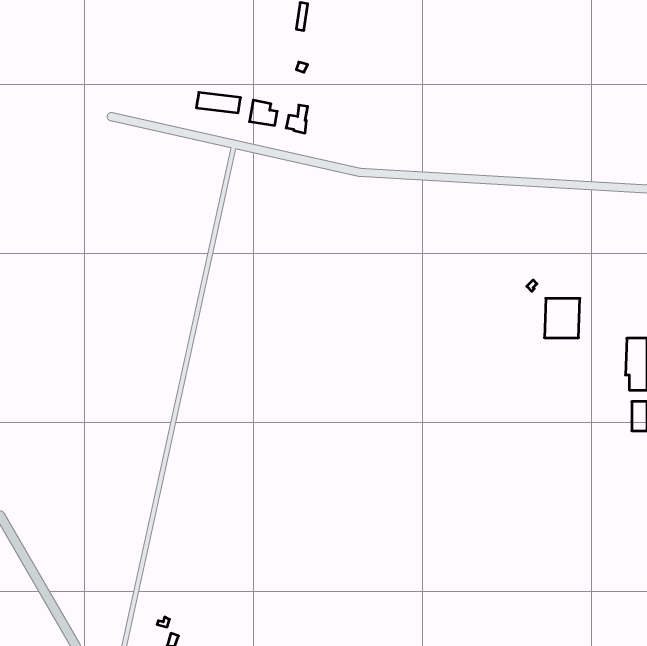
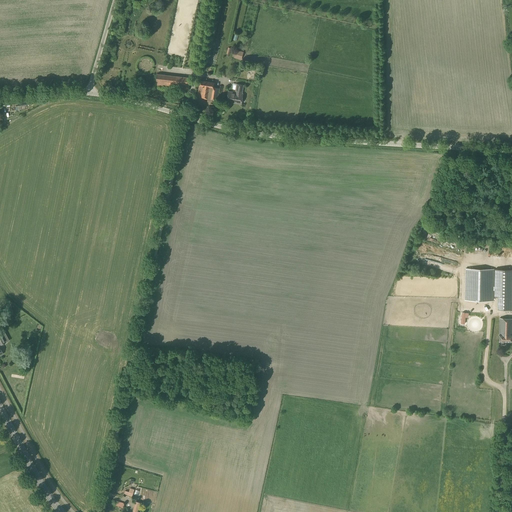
building: [544,298,580,338] -> [465,268,493,299]

